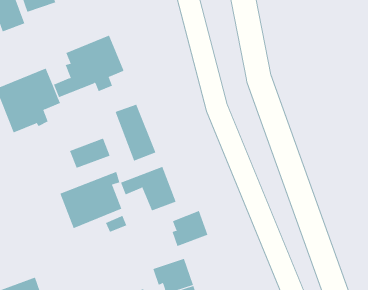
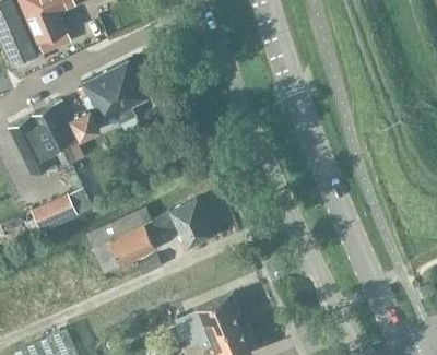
building: [115,104,156,161] -> none
building: [69,138,110,168] -> [34,197,79,232]
building: [172,210,208,247] -> none

